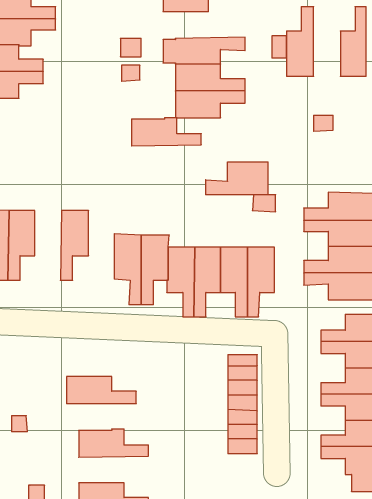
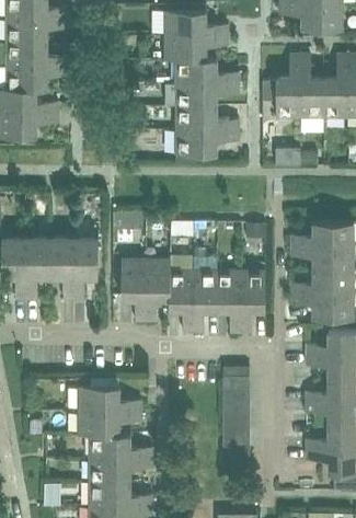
building: none -> [300,55,324,117]
building: [132,118,201,146] -> [176,58,239,83]
building: [206,162,268,195] -> none
building: none -> [50,238,74,300]
building: none -> [79,411,141,435]
building: none -> [90,458,152,482]

